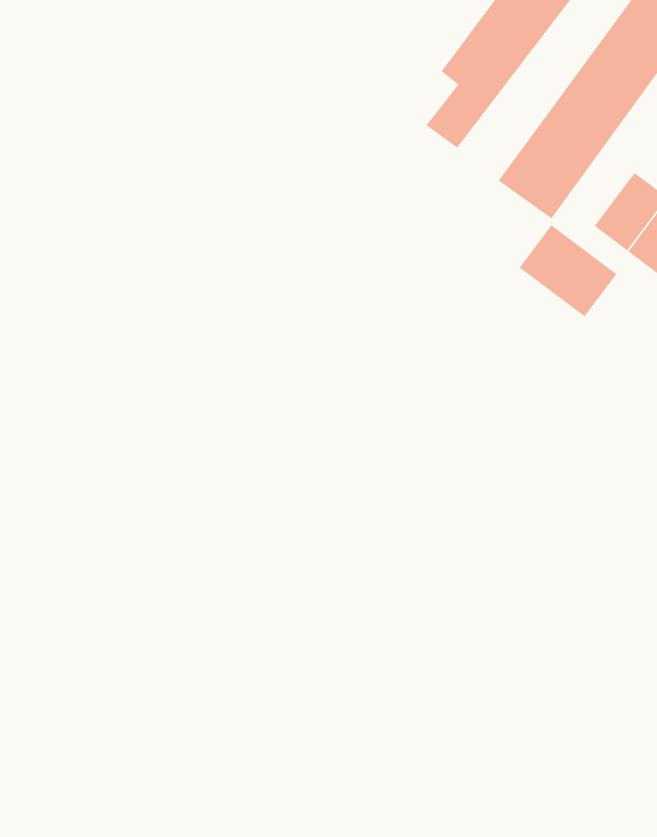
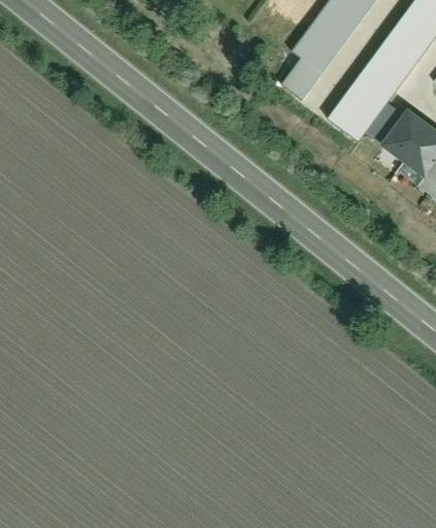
building: [519,225,617,317] -> none

